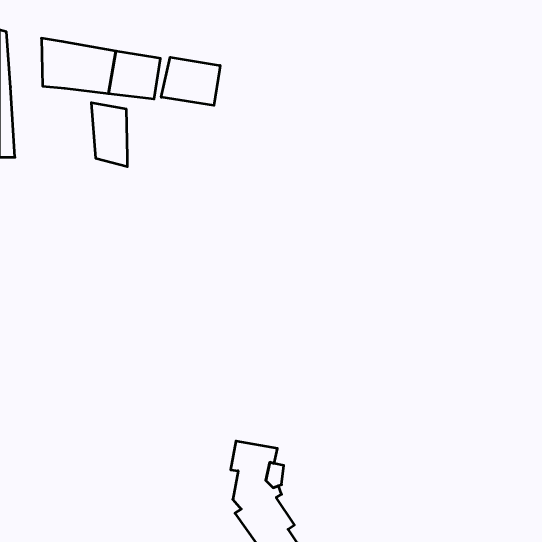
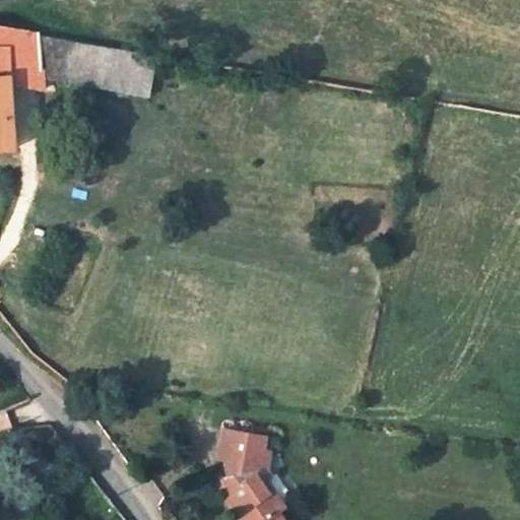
building: [161,57,220,105] -> none
building: [91,103,127,167] -> [6,31,41,92]

